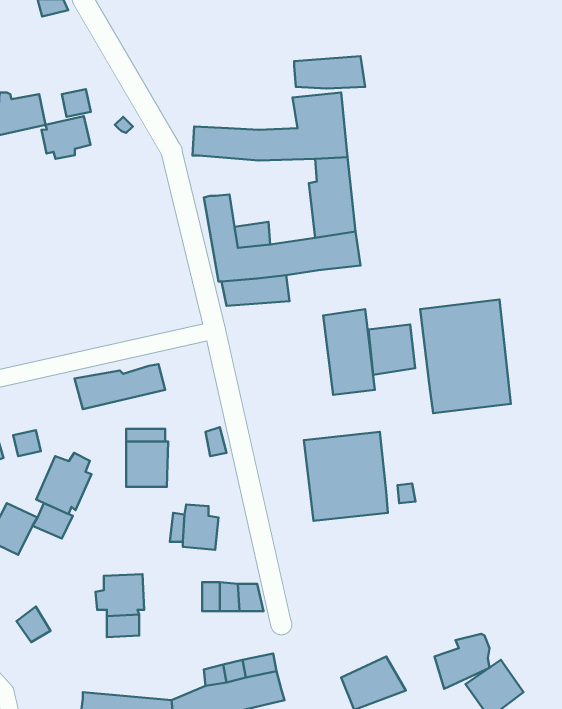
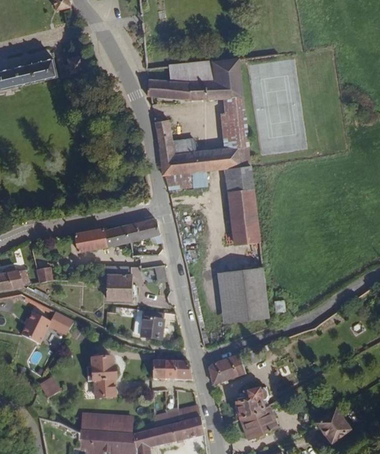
building: [294,56,365,89] -> [168,61,212,81]
building: [41,116,90,159] -> none
building: [420,299,511,413] -> none
building: [368,325,415,375] -> [225,165,254,196]
building: none -> [126,219,161,242]
building: [36,453,92,514] -> none
building: none -> [206,353,246,386]
building: [434,634,489,689] -> [233,386,267,420]
building: none -> [79,412,134,434]

